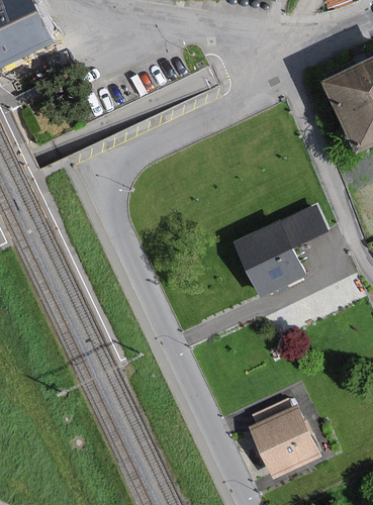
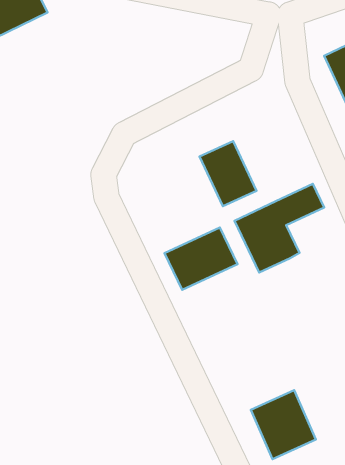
building: none -> [199,141,257,206]
building: none -> [165,227,237,290]

